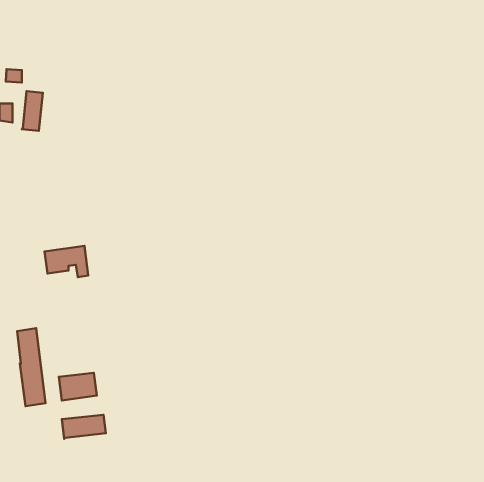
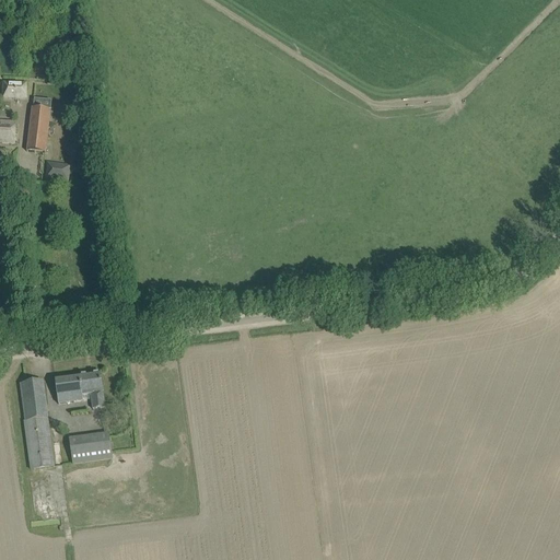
building: [45,246,88,277] -> [54,370,104,406]
building: [62,415,106,439] -> none

